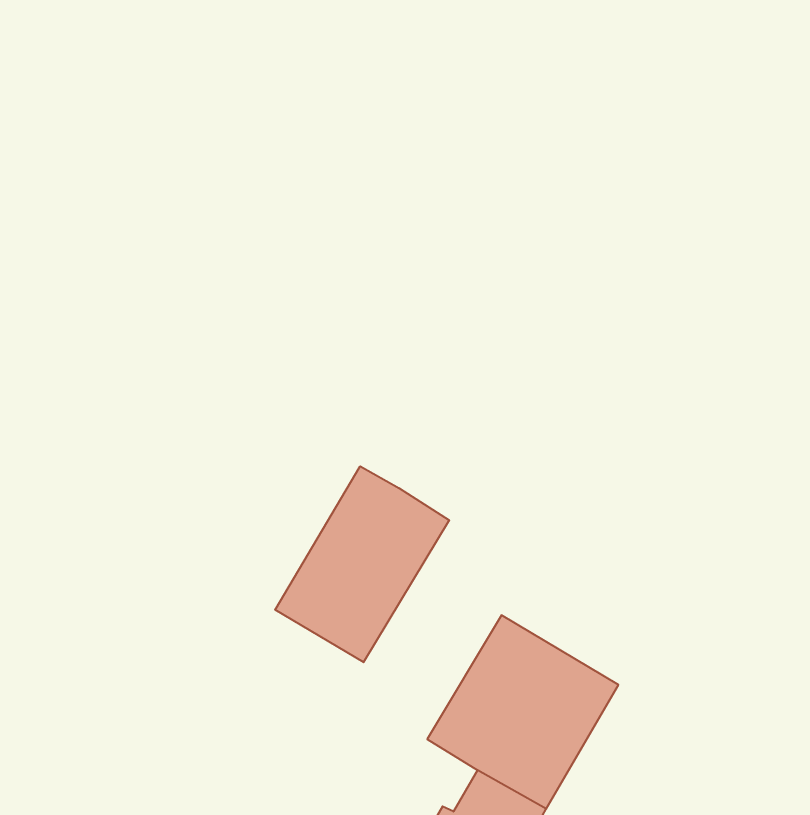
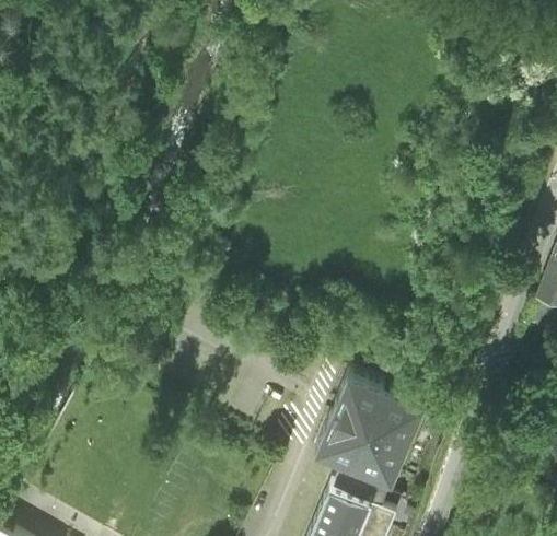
building: [275,466,449,662] -> none

